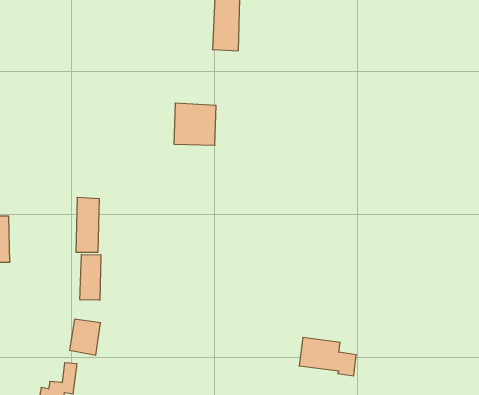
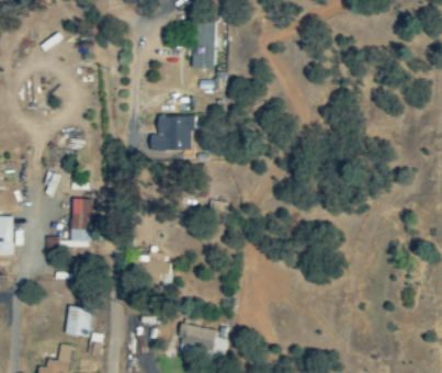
building: [80,254,101,300] -> none
building: none -> [135,256,171,285]
building: [299,337,356,376] -> [175,324,226,358]

